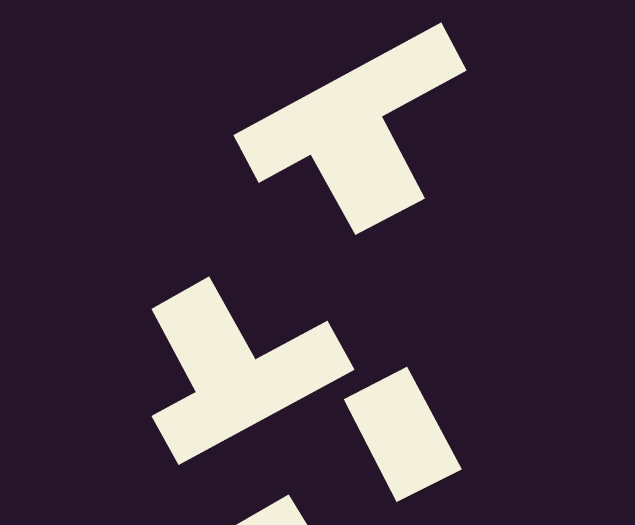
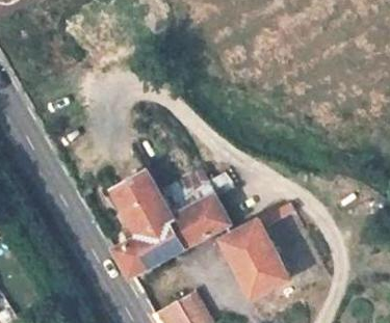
building: [233,22,467,236] -> none

